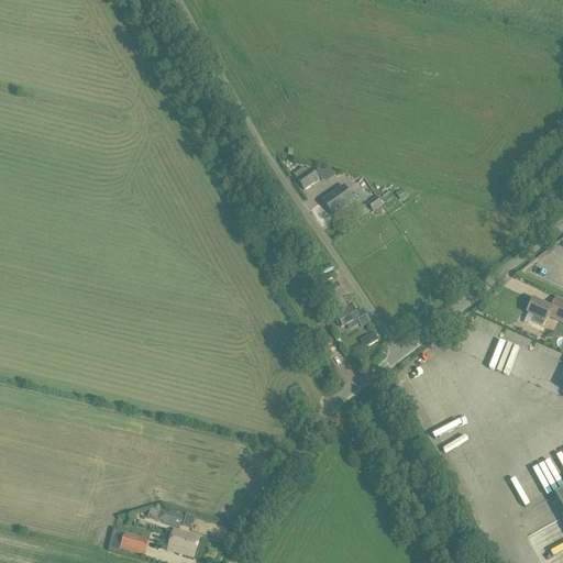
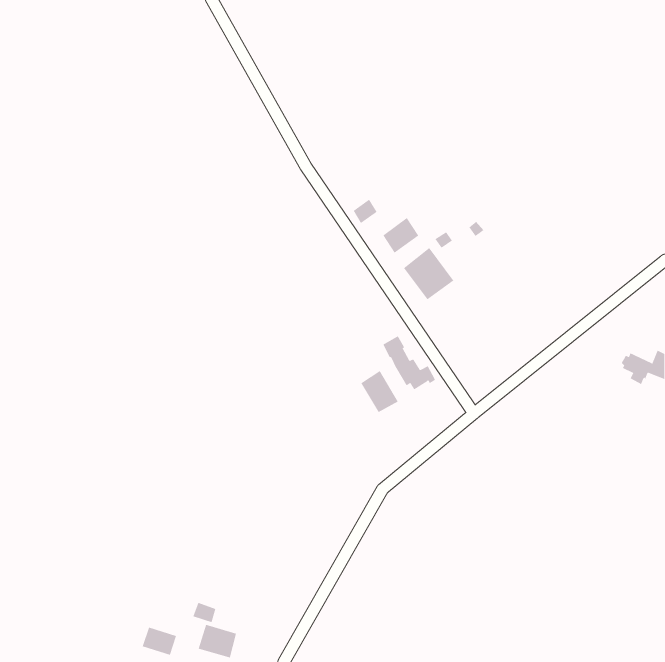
building: none -> [403,247,454,300]
building: none -> [360,370,398,413]

